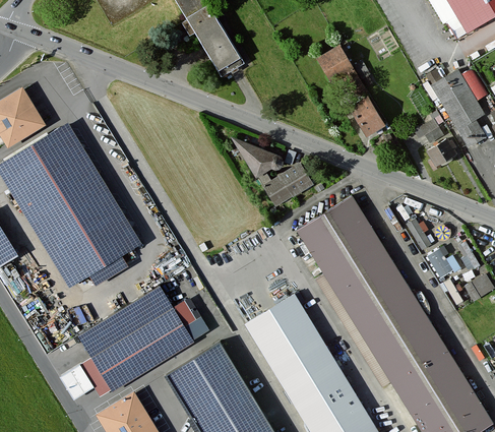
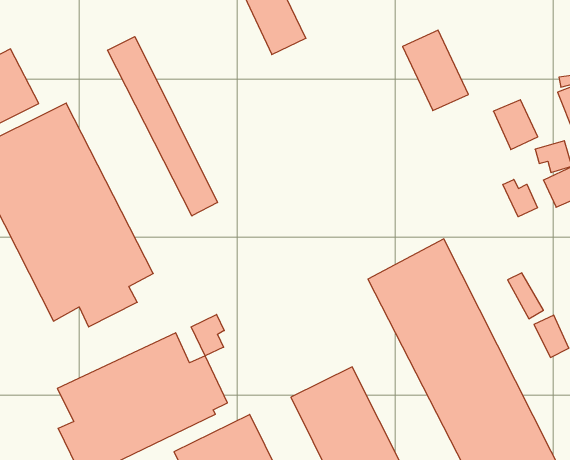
building: none -> [108,37,217,216]
building: [348,98,382,135] -> [493,100,538,150]
building: [239,144,310,203] -> none
building: none -> [503,179,538,217]
building: none -> [191,314,224,356]

